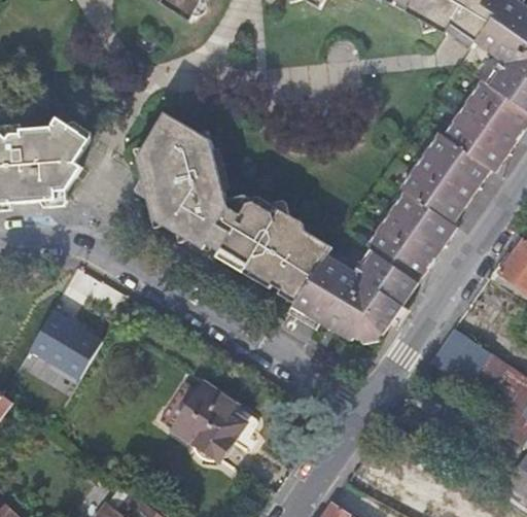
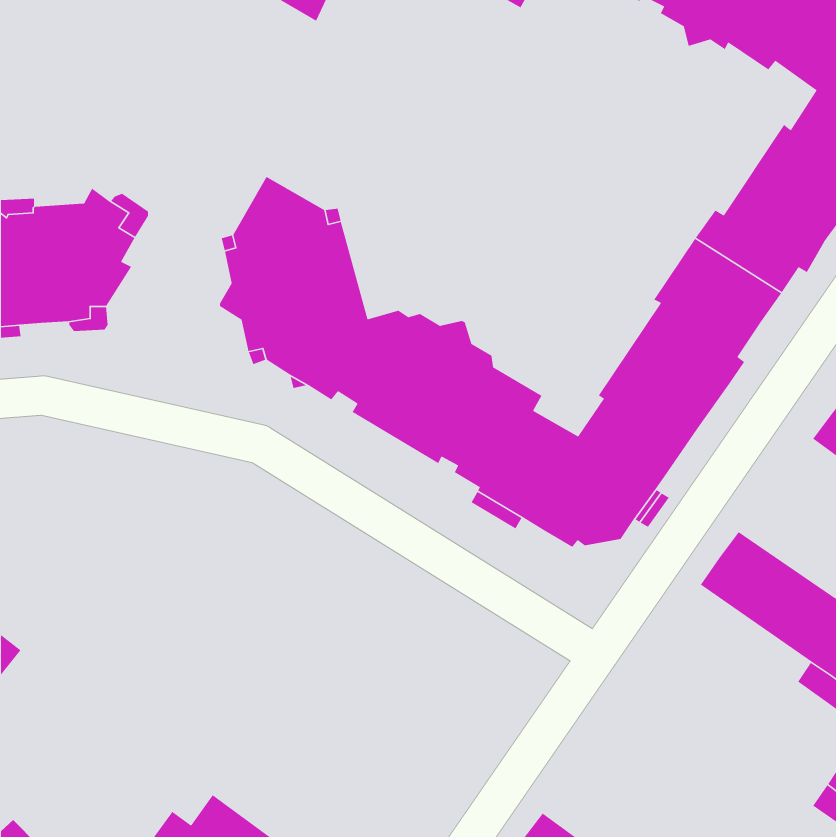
building: [29,310,103,377] -> none
building: [174,384,245,459] -> none

